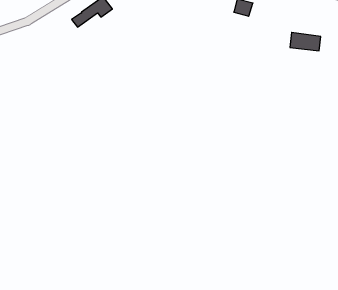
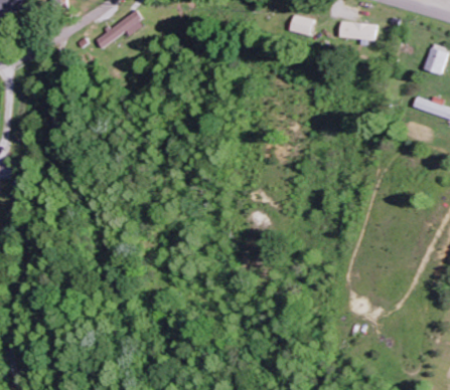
building: [290,32,321,51] -> [340,20,378,42]

